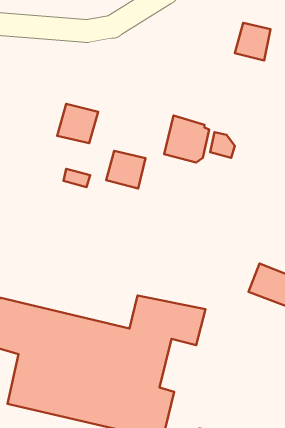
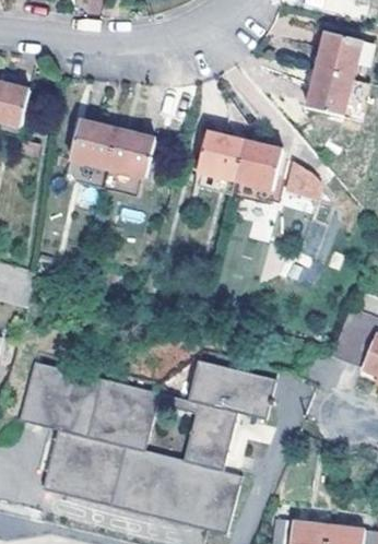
building: none -> [307,69,351,115]
building: none -> [63,120,115,179]
building: [106,151,145,189] -> [196,134,243,179]

